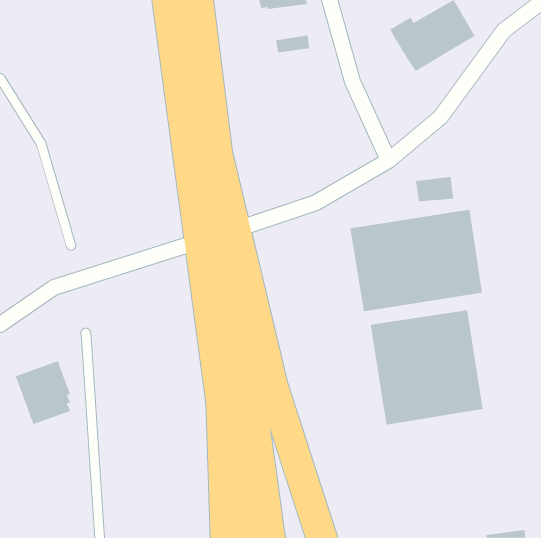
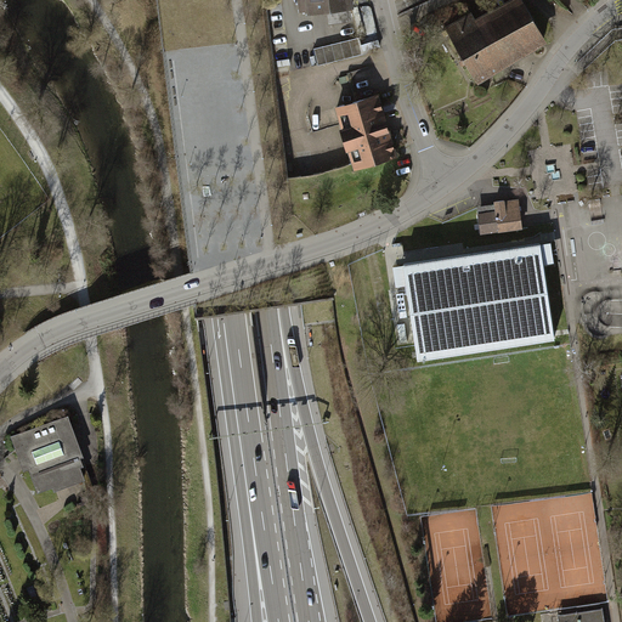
building: none -> [334,96,395,171]
building: [370,309,483,425] -> none

